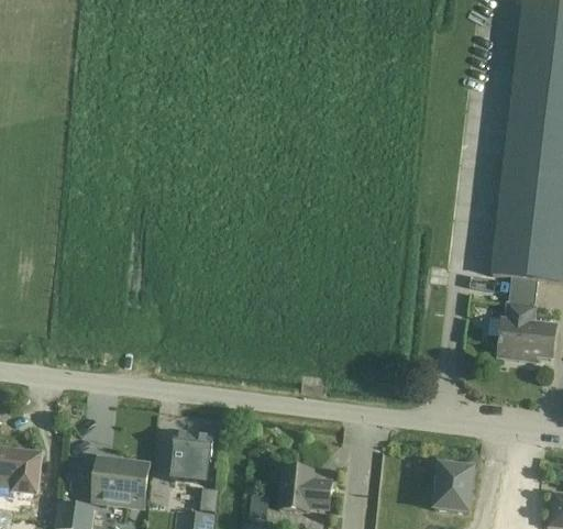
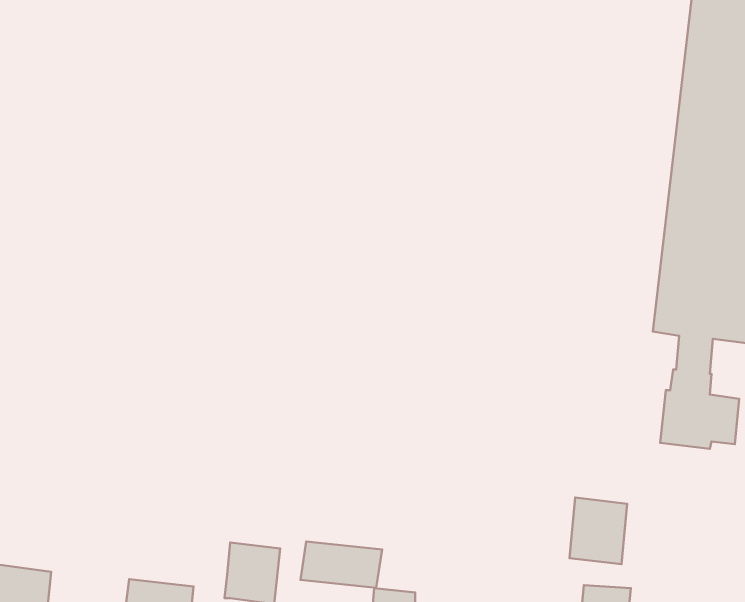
building: none -> [569,498,627,564]
building: none -> [300,542,382,588]

